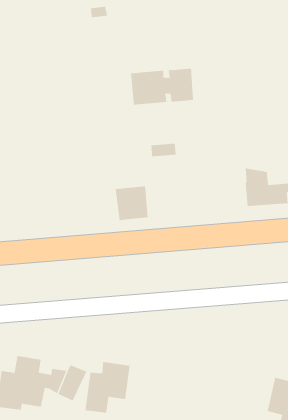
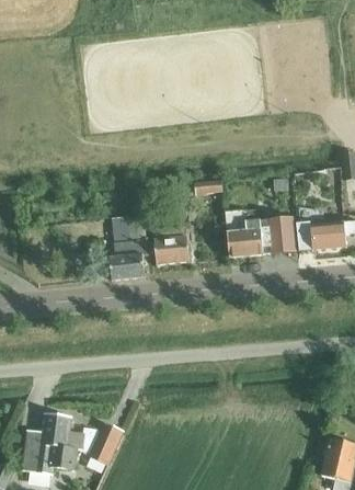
building: [130,68,194,105] -> [225,216,295,257]
building: none -> [111,216,149,281]
building: [85,361,130,413] -> none

